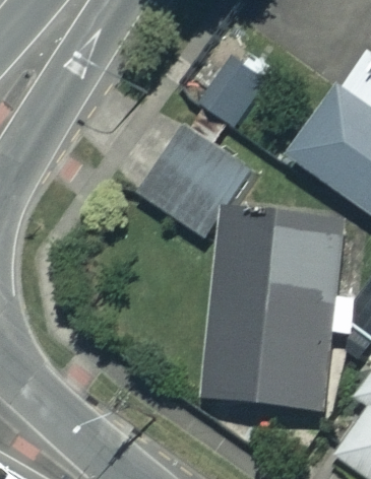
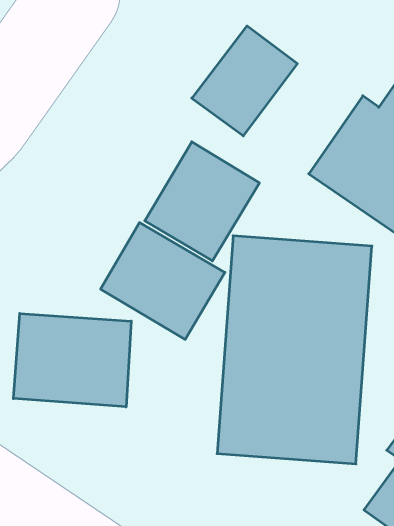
building: none -> [101,223,225,339]
building: none -> [13,313,131,407]

